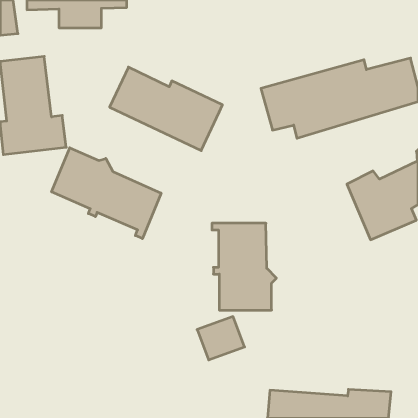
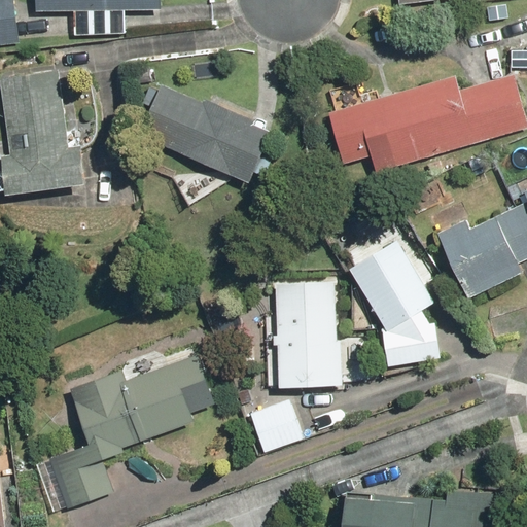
building: [52,148,161,239] -> none
building: none -> [326,217,442,367]
building: none -> [37,355,217,515]

